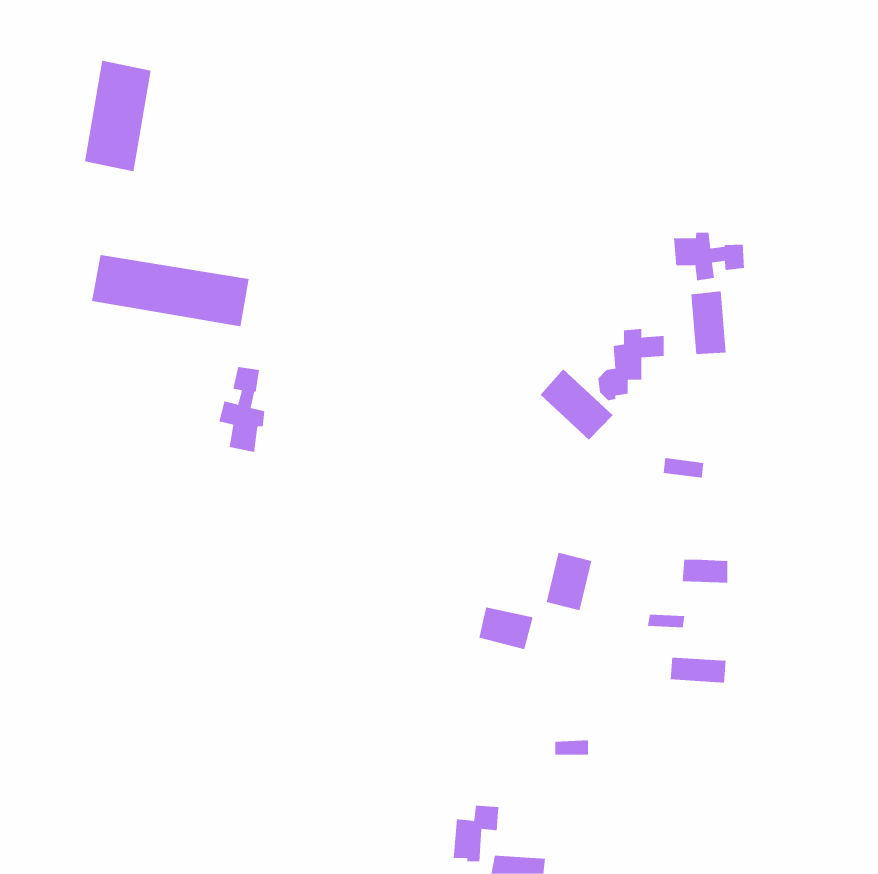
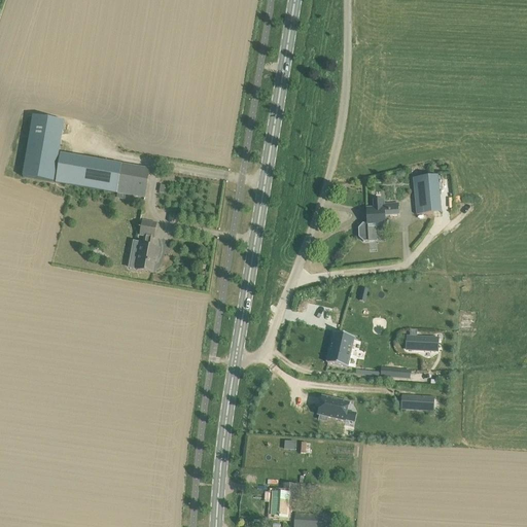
building: [84,60,151,172] -> [23,113,63,180]
building: [674,232,744,281] -> none
building: [540,368,614,440] -> none
building: [478,607,534,650] -> [317,394,350,420]

